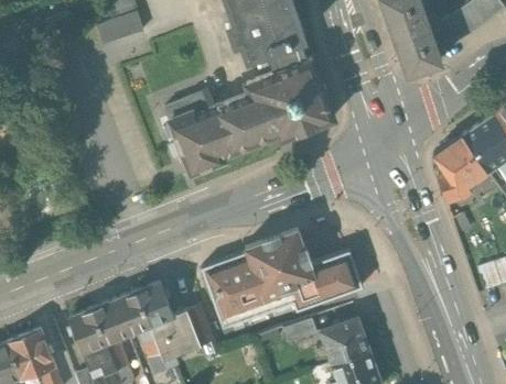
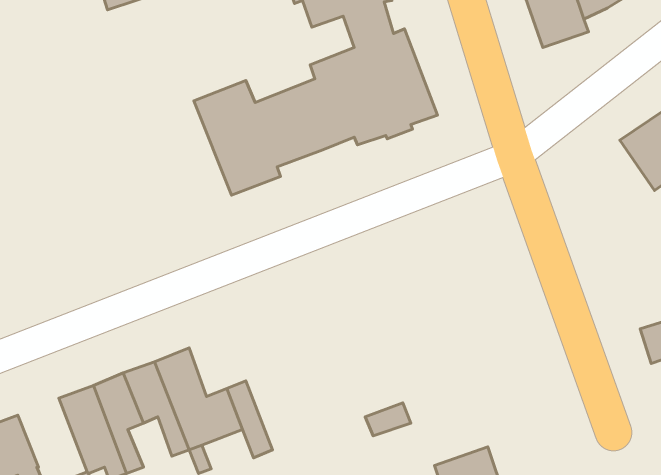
building: [434,135,487,199] -> none
building: [202,233,364,327] -> none
building: [321,317,370,363] -> none

